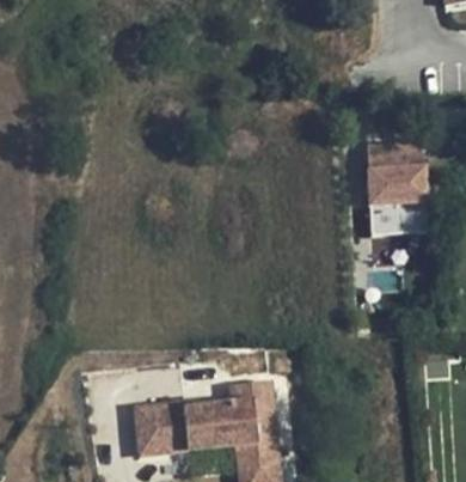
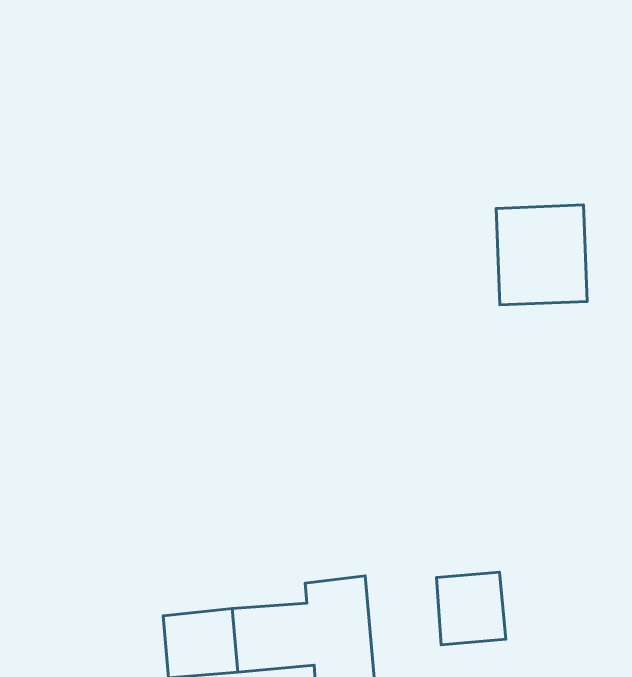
building: [364,205,423,236] -> none
building: none -> [437,572,506,645]

